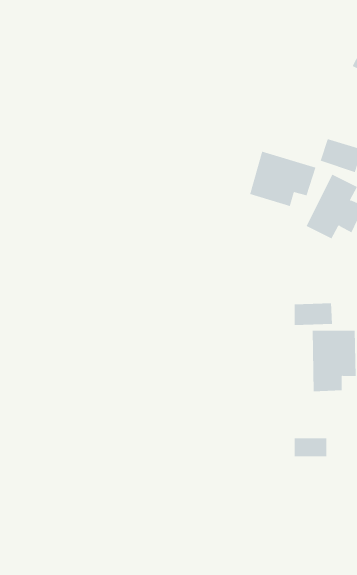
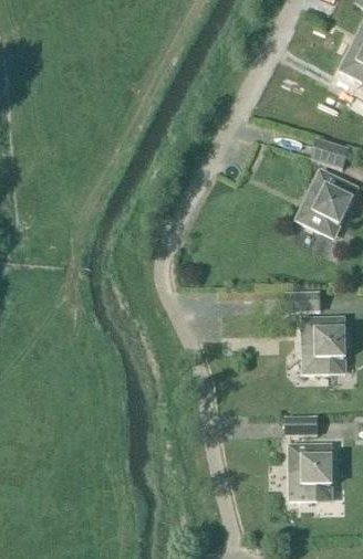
building: [250,151,316,207] -> none
building: none -> [289,442,331,499]

